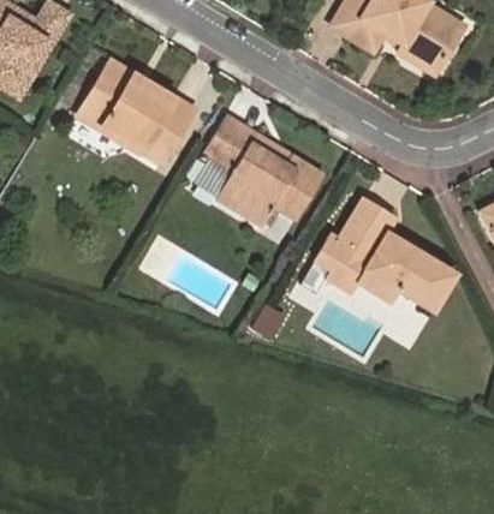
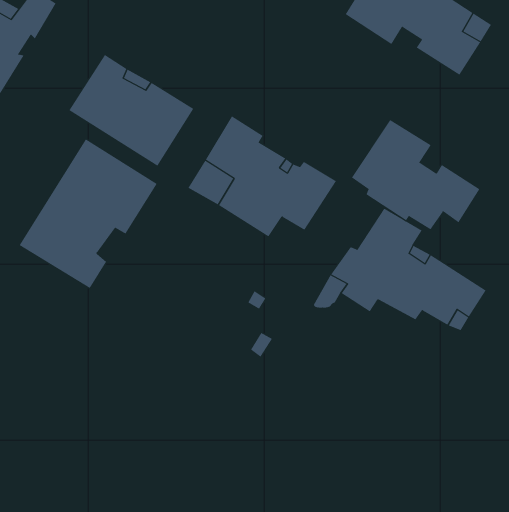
building: none -> [351,119,480,230]
building: none -> [19,139,158,289]

